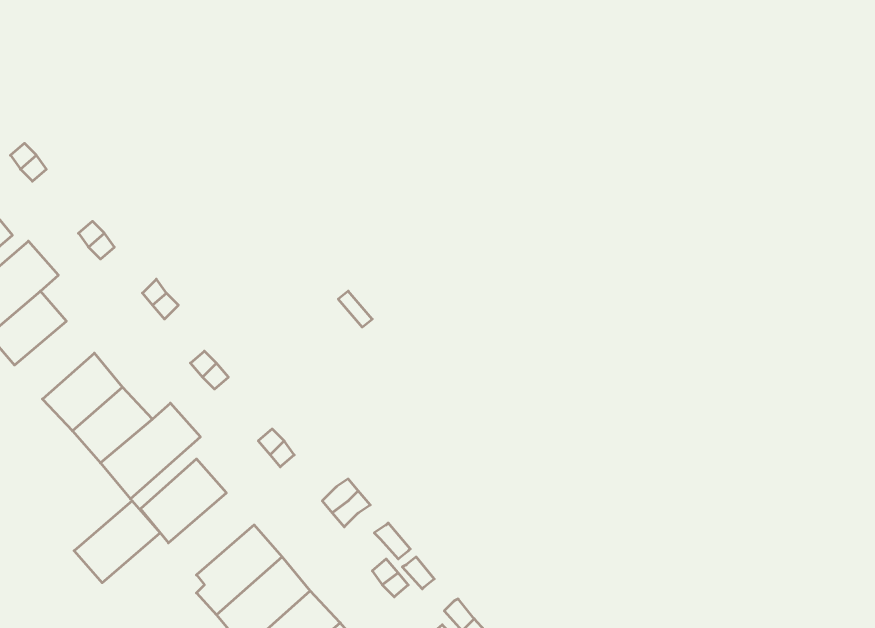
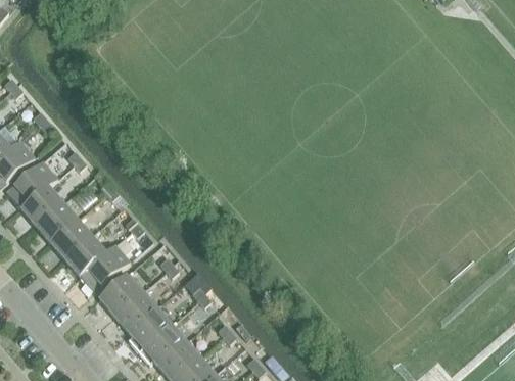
building: none -> [35,202,76,242]
building: [74,501,160,583] -> [113,290,157,332]

